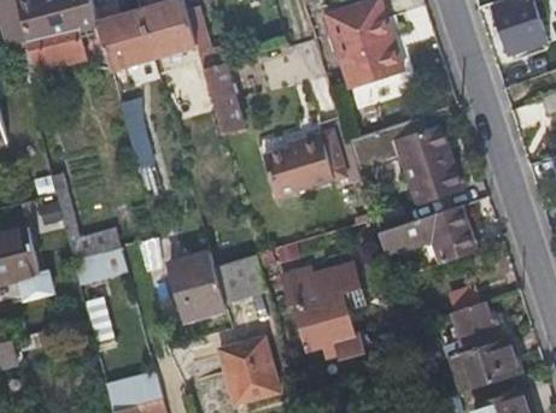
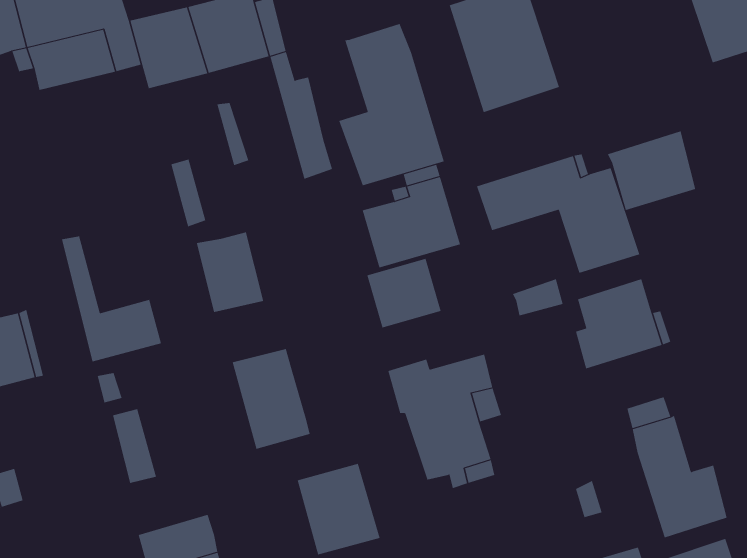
building: none -> [339,23,444,186]
building: none -> [607,131,696,211]
building: none -> [196,231,264,313]
building: [213,255,267,305] -> [366,258,442,328]

